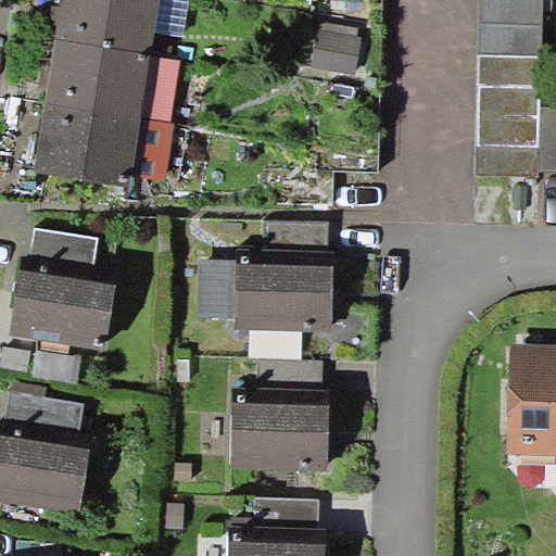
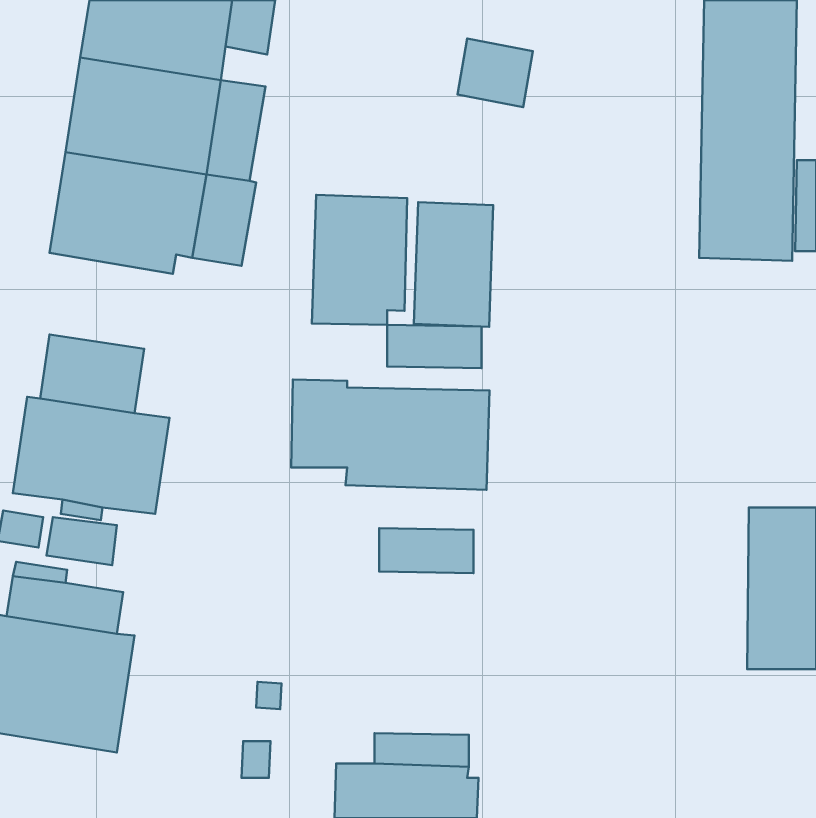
building: none -> [312,195,407,325]
building: none -> [414,202,493,327]
building: [230,402,328,470] -> none

